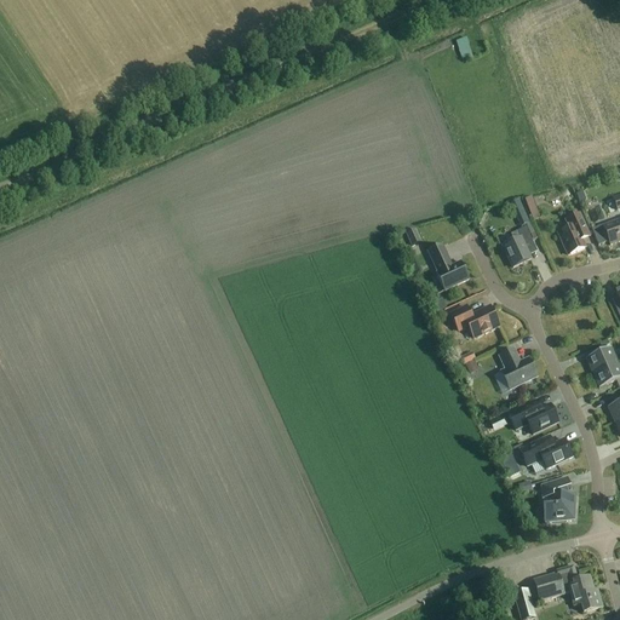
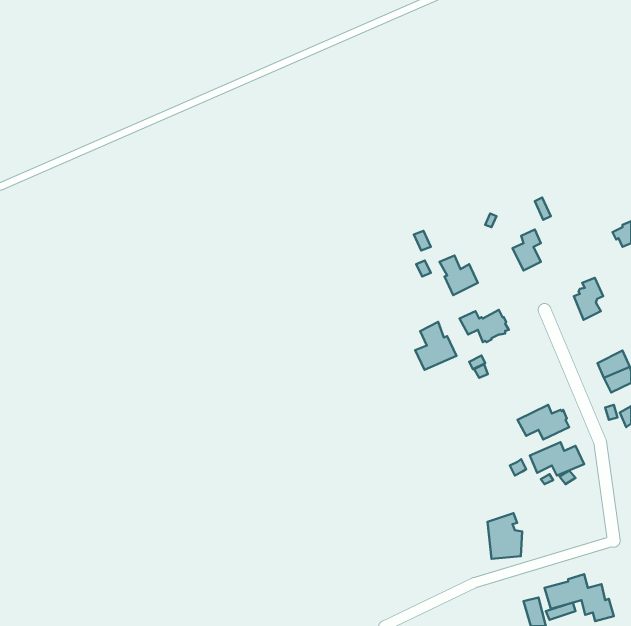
building: [558,212,587,253] -> [574,278,603,320]
building: none -> [415,322,456,370]
building: [500,348,536,388] -> none
building: [541,475,575,519] -> [488,513,522,559]

